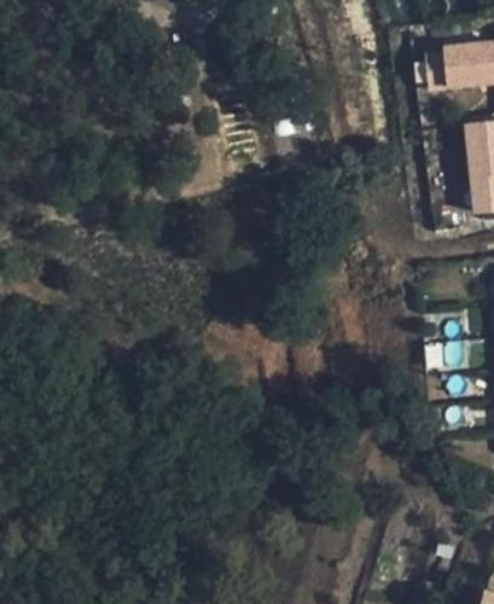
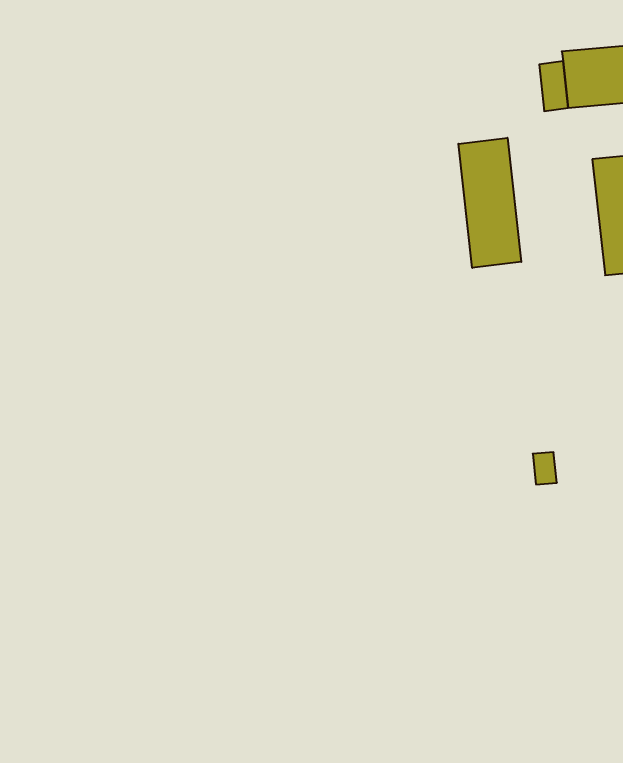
building: none -> [458,138,521,268]

